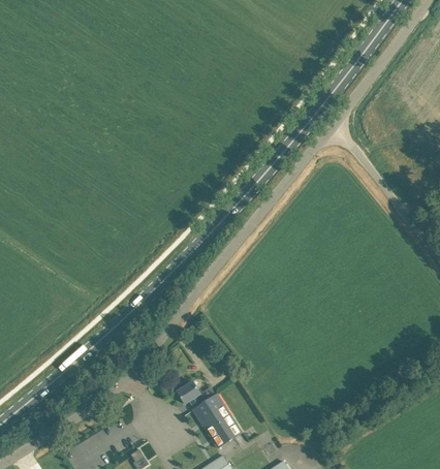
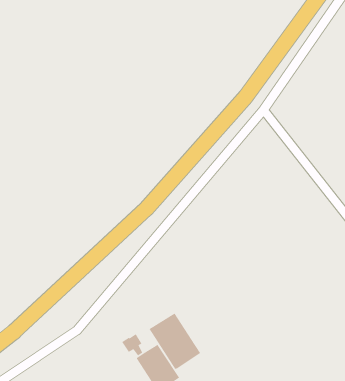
building: none -> [148,312,201,370]

